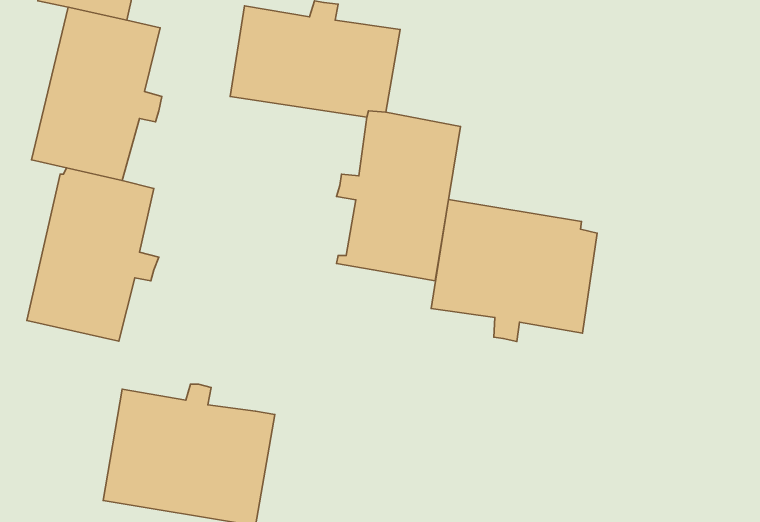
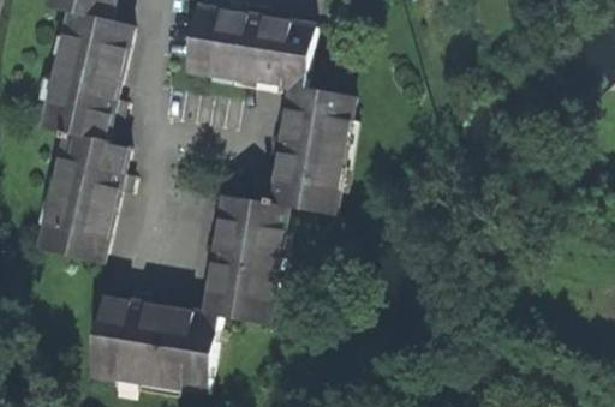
building: [431,199,597,342] -> none
building: none -> [199,193,293,323]

